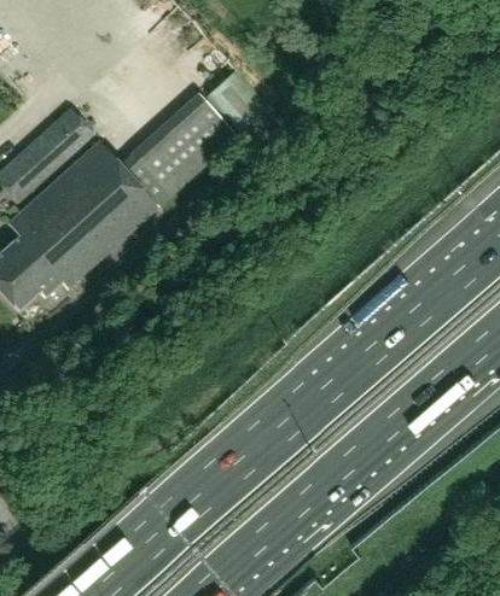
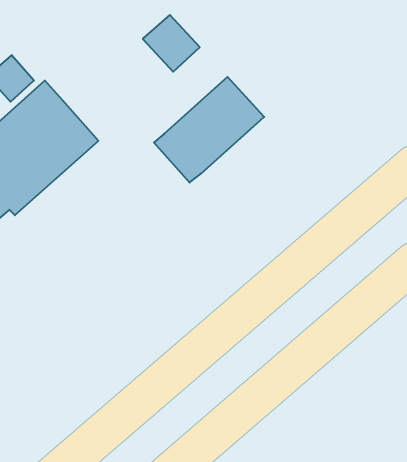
building: [120,92,239,206] -> [154,77,264,183]

